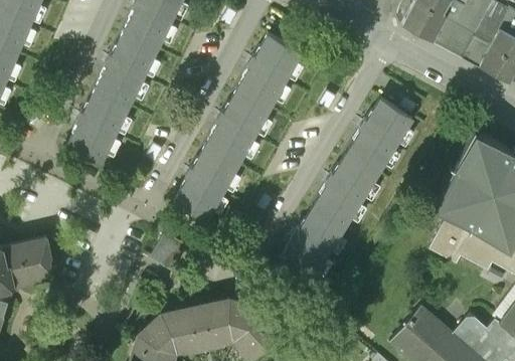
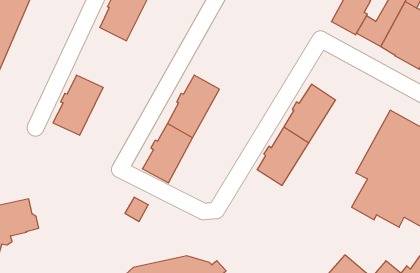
building: [97,34,157,107] -> none
building: [238,36,300,109] -> none
building: [278,205,344,283] -> none

